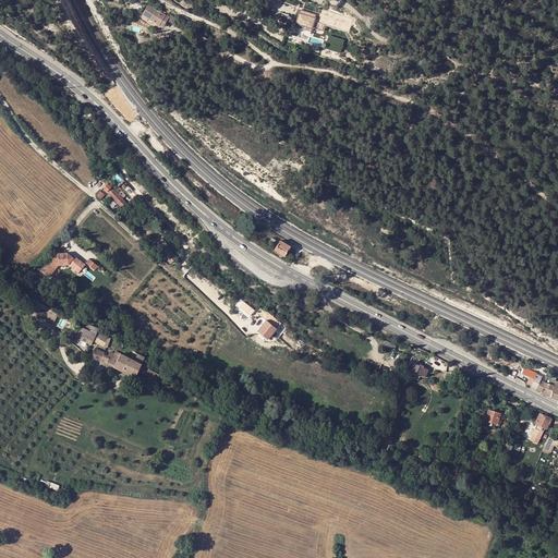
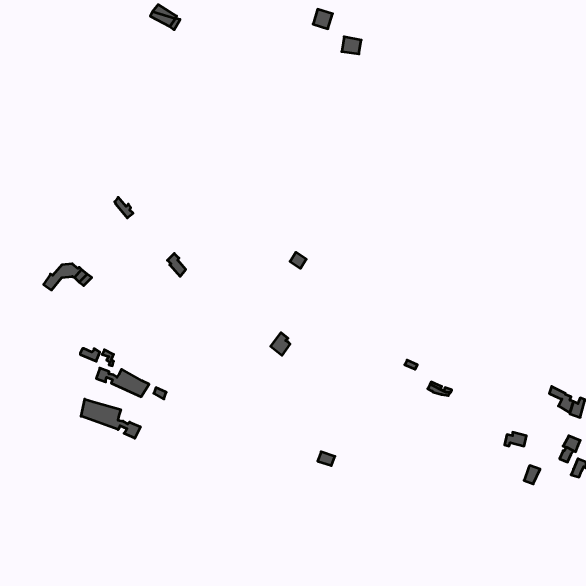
building: none -> [81,399,140,438]

